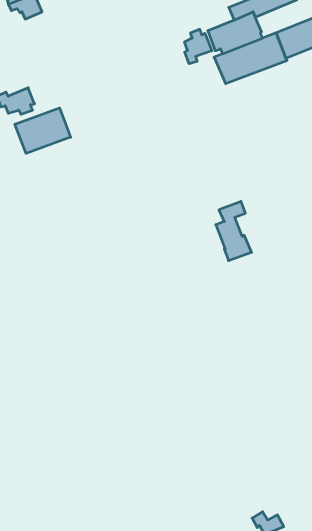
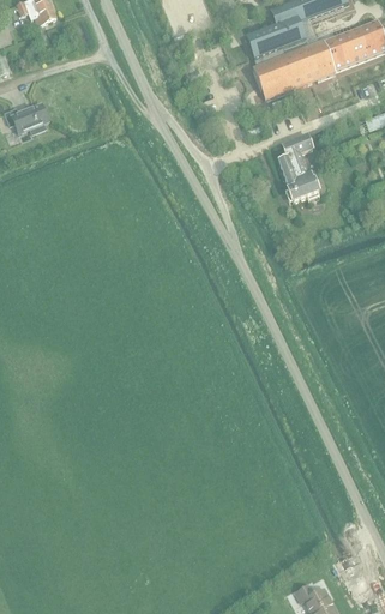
building: [185,29,212,64] -> none
building: [15,108,71,153] -> none
building: [216,201,252,261] -> [278,133,319,200]

